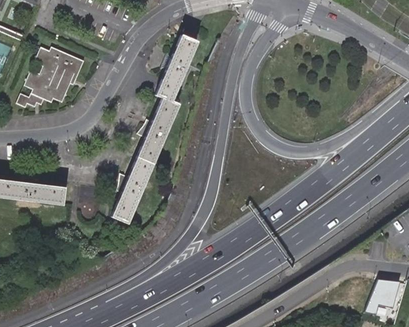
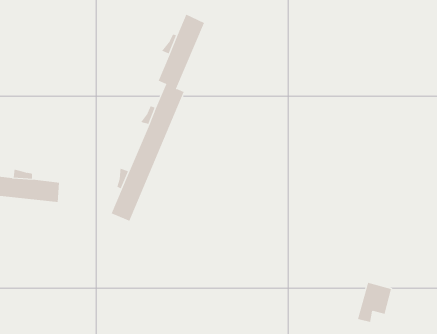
building: [19,46,86,107] -> none
building: [368,277,399,313] -> [357,282,392,322]

